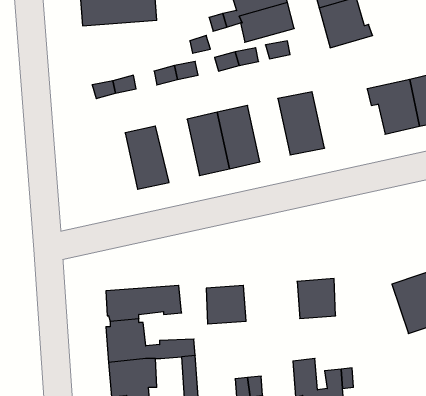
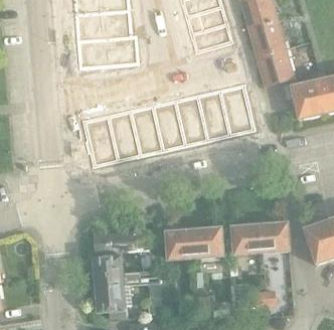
building: none -> [76,35,133,66]
building: none -> [258,46,294,84]
building: none -> [197,93,228,139]
building: none -> [130,108,162,154]
building: none -> [84,118,117,165]
building: none -> [261,222,289,252]
building: none -> [194,227,223,256]

